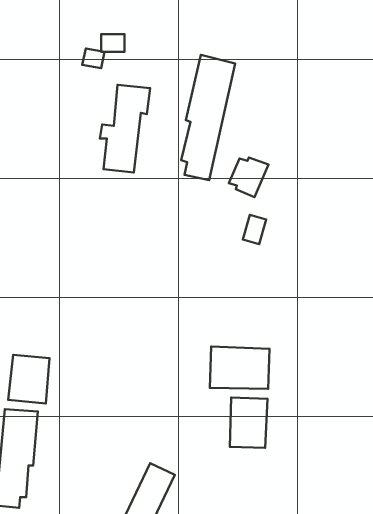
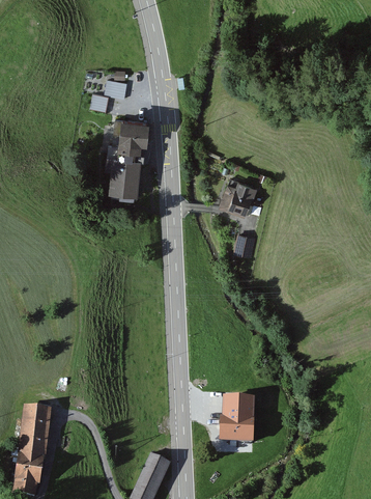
building: [181,55,235,180] -> none
building: [210,347,269,389] -> none
building: [8,355,49,403] -> none

